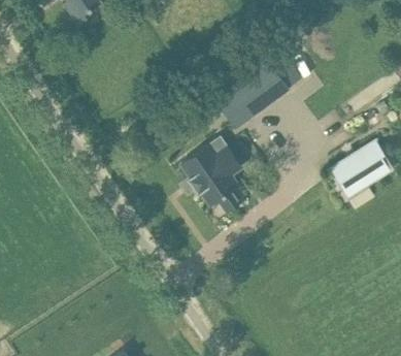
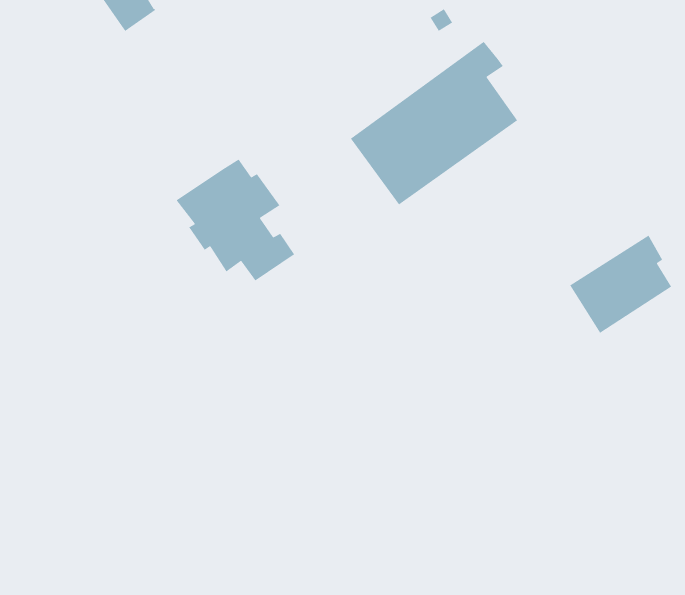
building: [180,140,248,211] -> [176,159,295,282]

